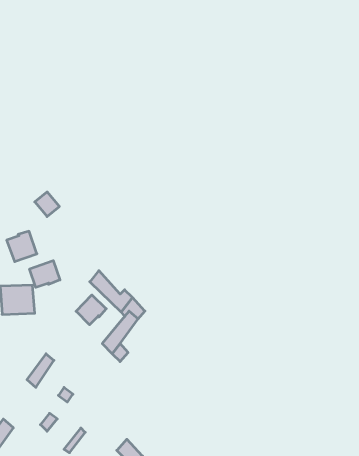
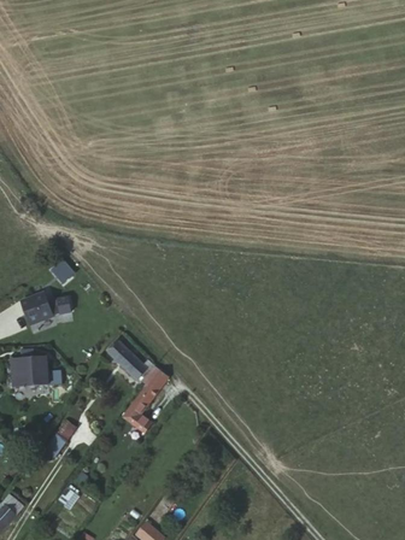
building: [30,261,60,287] -> none
building: [76,295,106,325] -> none

